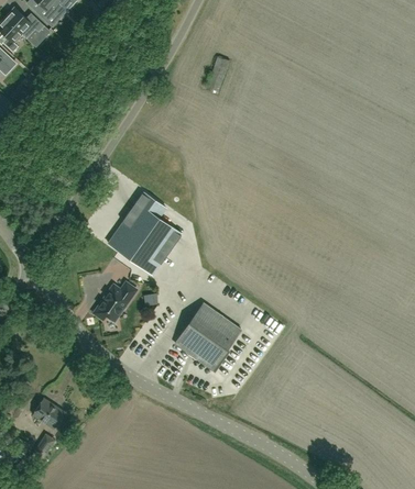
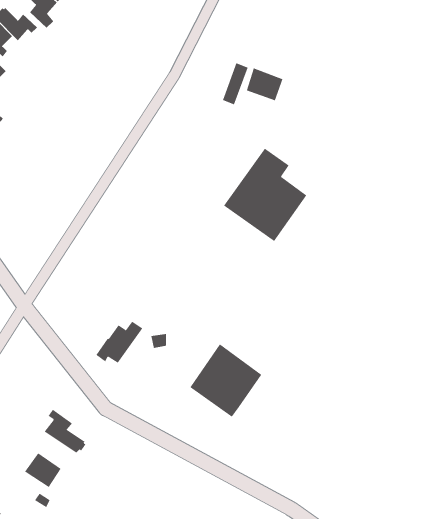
building: none -> [246,67,283,101]
building: [108,192,182,275] -> [223,148,307,242]
building: none -> [44,409,86,453]

